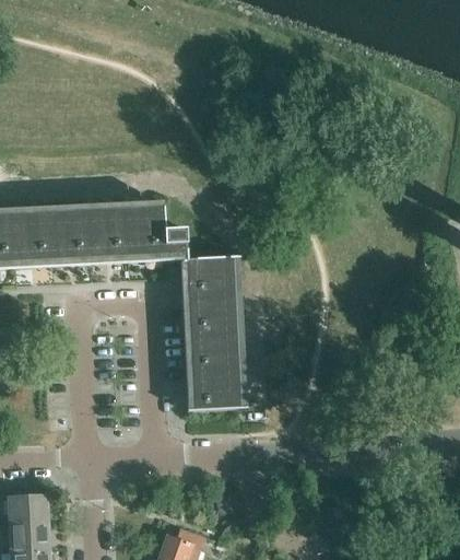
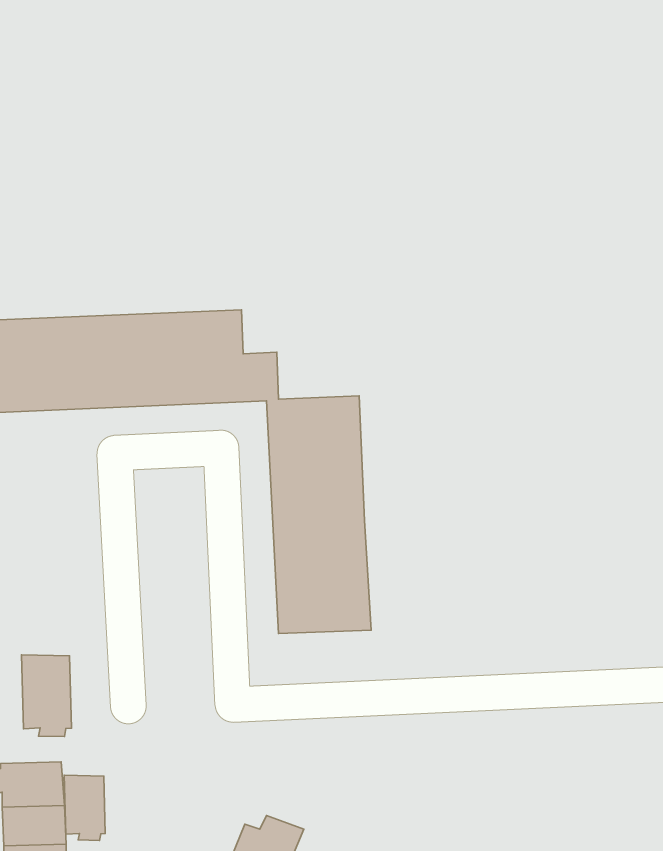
building: none -> [21,655,71,737]
building: none -> [64,775,105,840]

